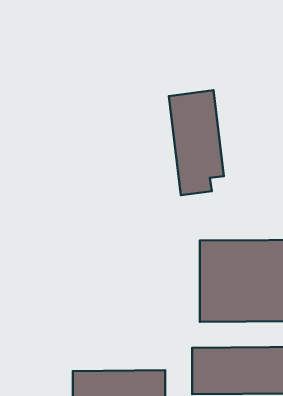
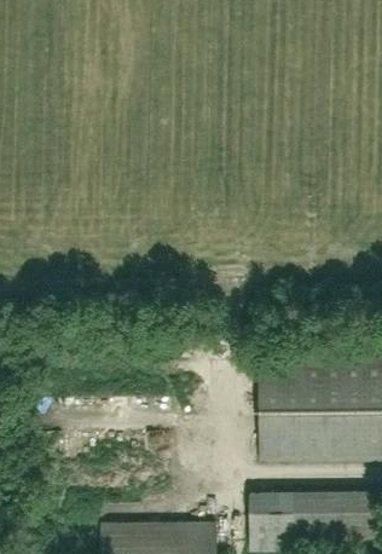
building: [169,90,224,195] -> none

